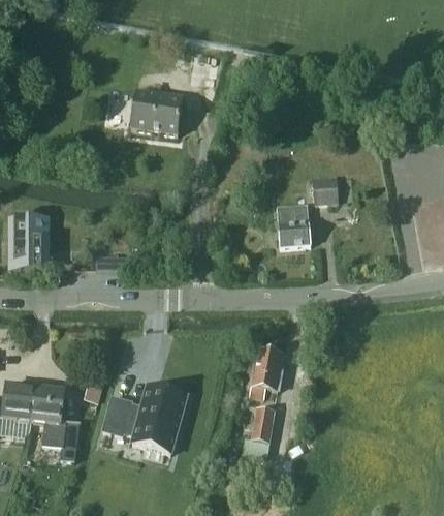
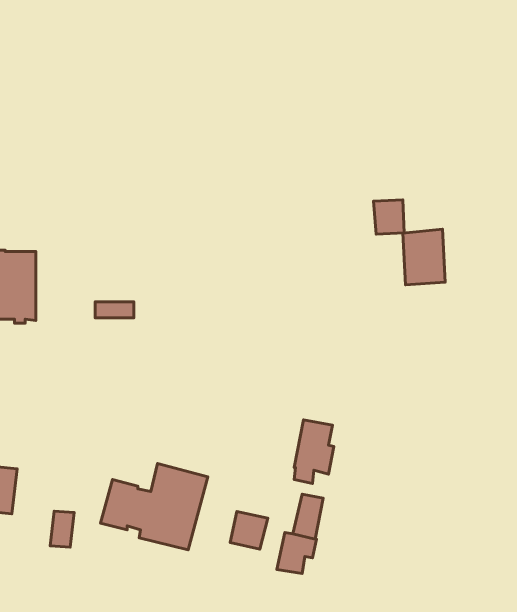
building: [130,86,183,134] -> none
building: [278,204,311,247] -> [403,229,445,285]
building: [32,387,67,426] -> none
building: none -> [230,511,268,549]

